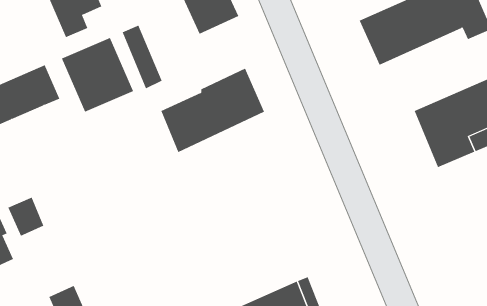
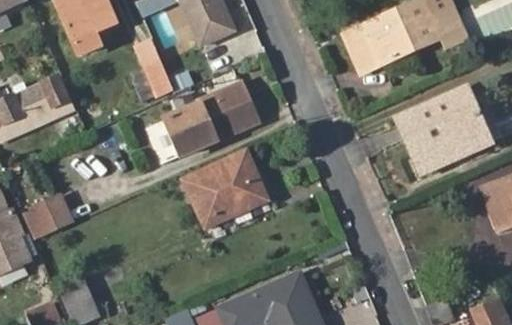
building: [61,37,134,113] -> none
building: none -> [183,146,268,226]

